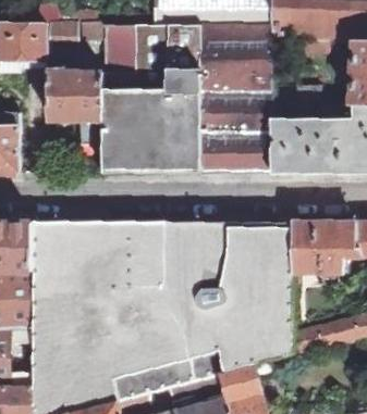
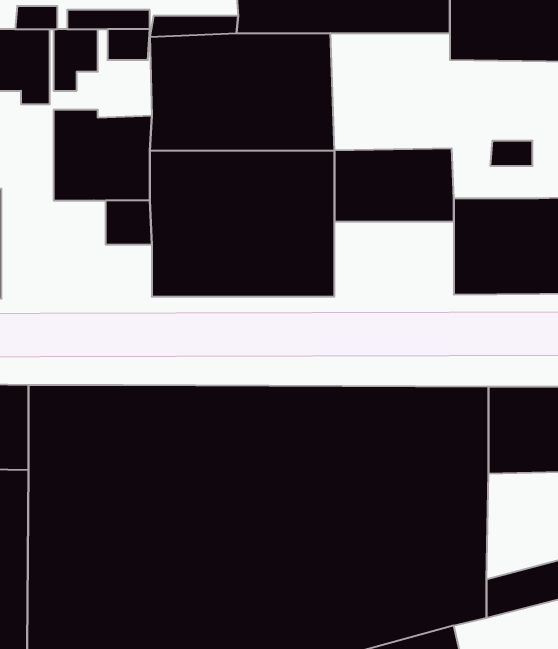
building: [203,23,271,89] -> none
building: [205,129,272,172] -> none

